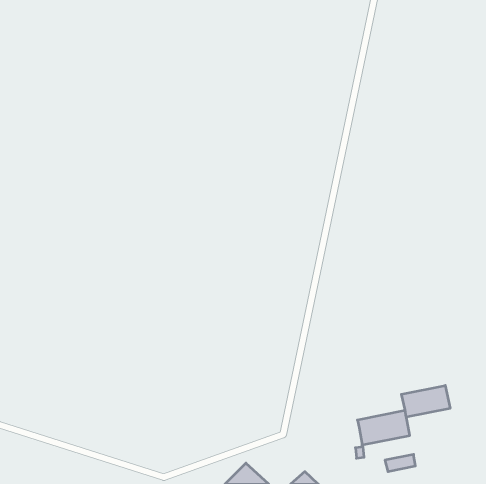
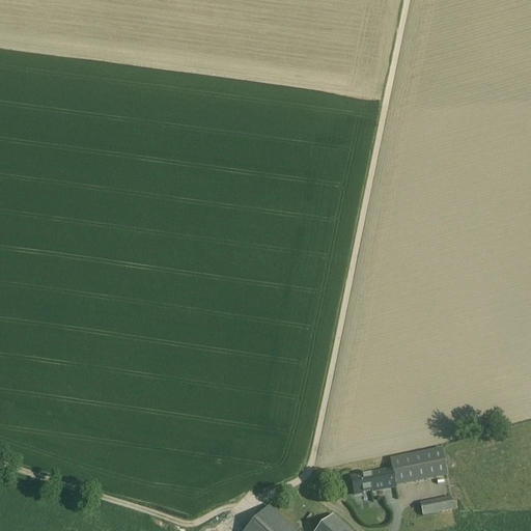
building: [401,385,450,417] -> none
building: none -> [348,466,394,493]

